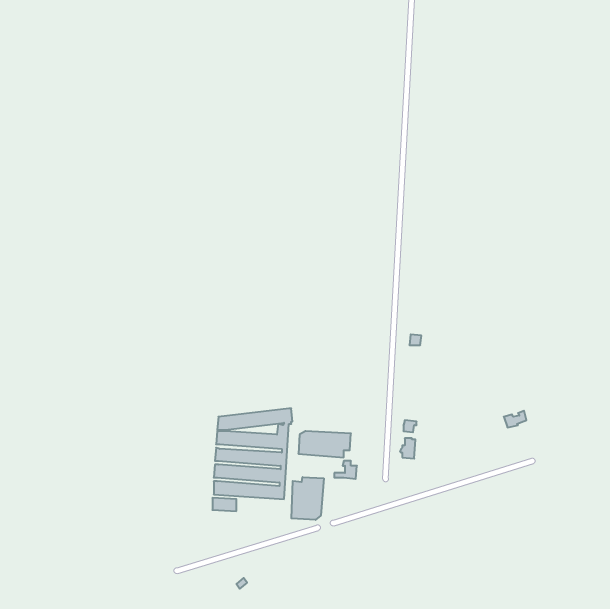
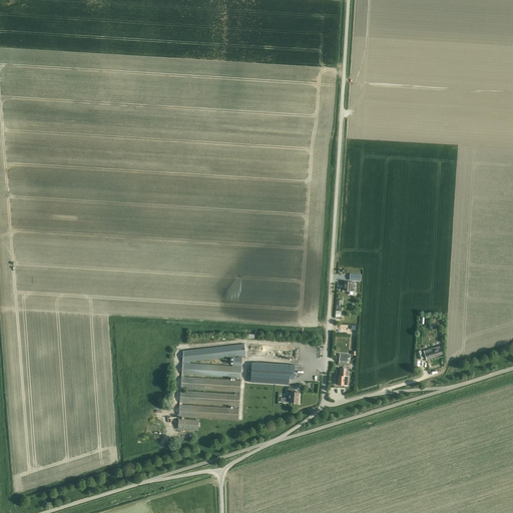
building: [291,477,324,520] -> none

